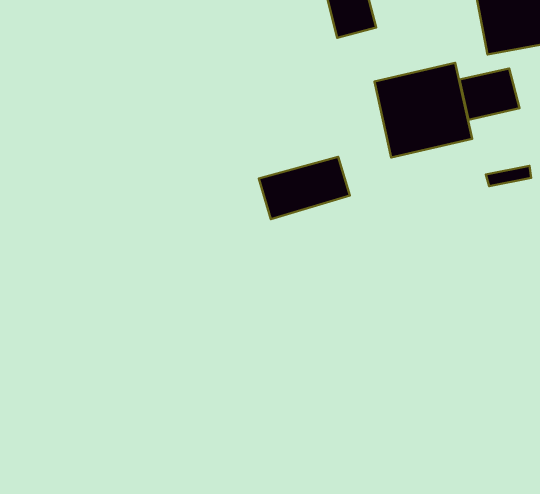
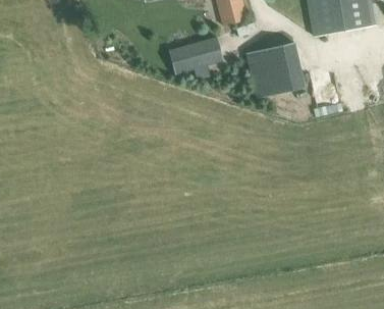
building: [460,69,519,120] -> none
building: [259,157,350,219] -> [169,36,224,73]

